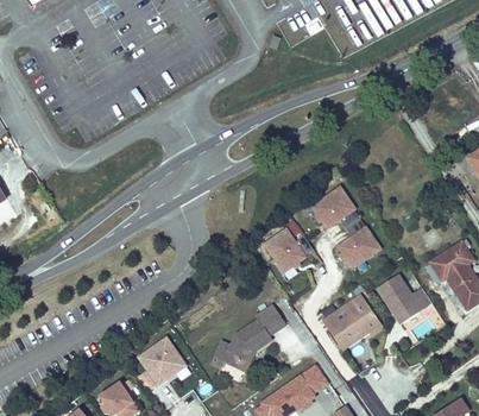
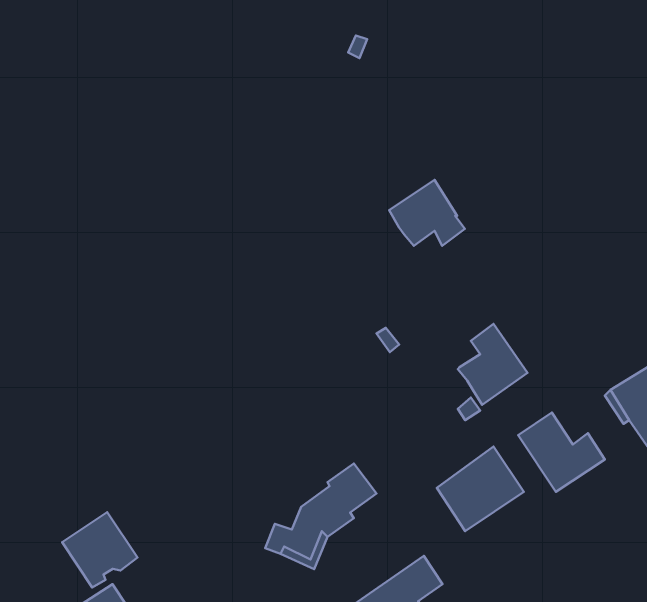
building: [313,187,360,228] -> [389,180,465,246]
building: [264,228,314,272] -> none
building: [137,334,184,382] -> [62,512,137,588]

